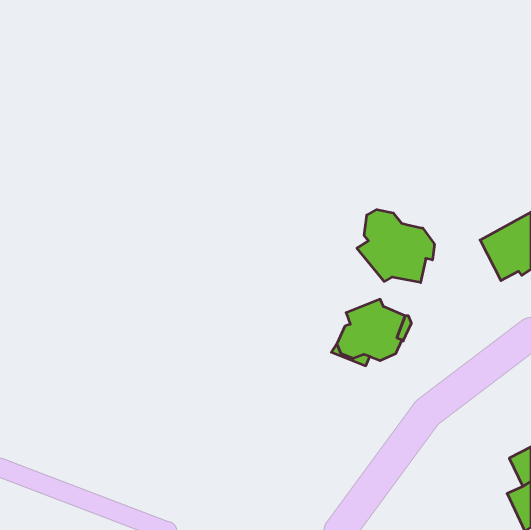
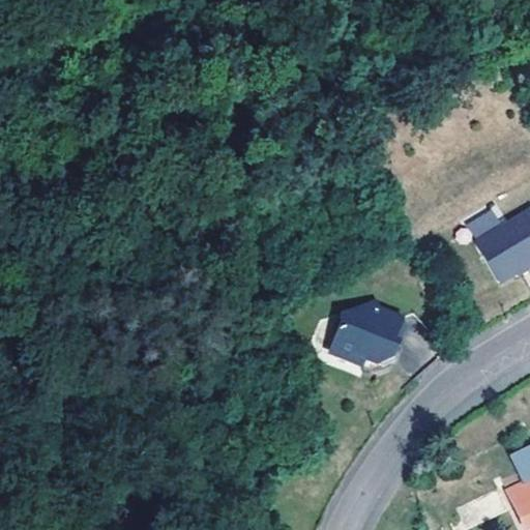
building: [357,210,434,283] -> none

